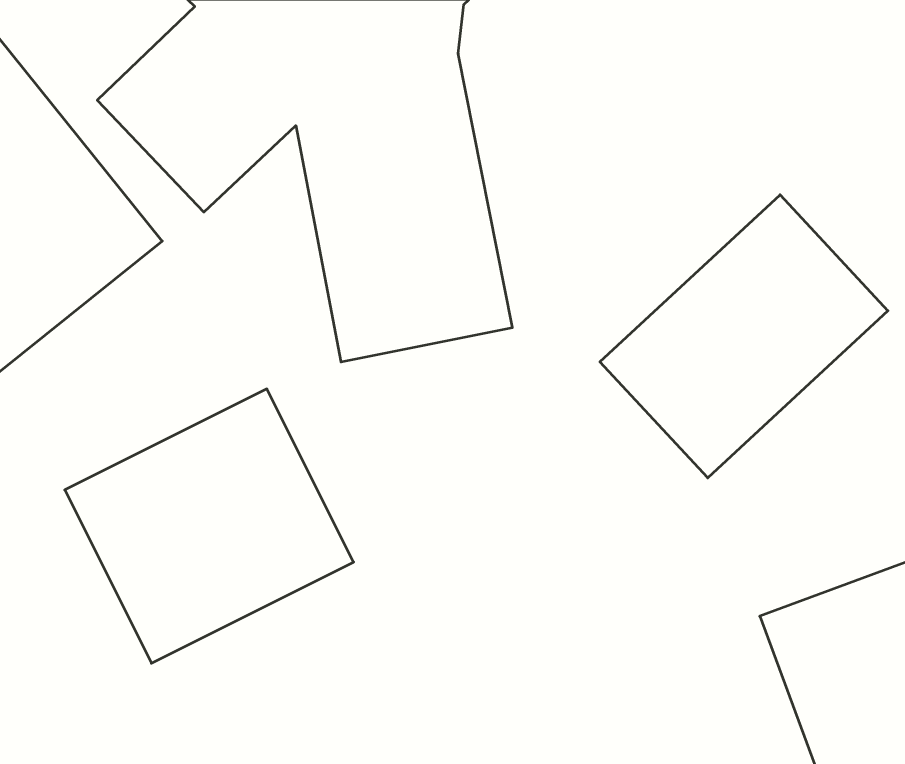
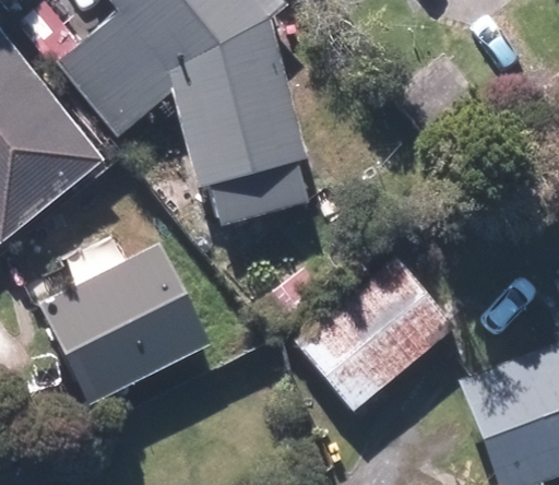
building: [600,195,888,478] -> none
building: none -> [295,257,453,414]

